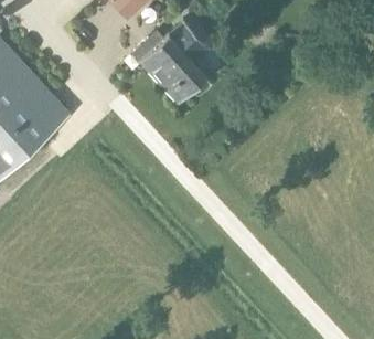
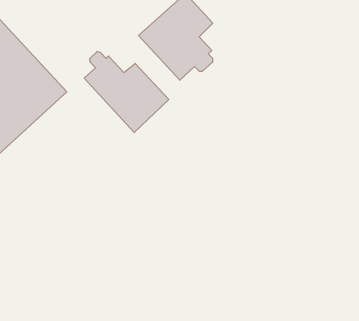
building: none -> [84,51,169,133]

